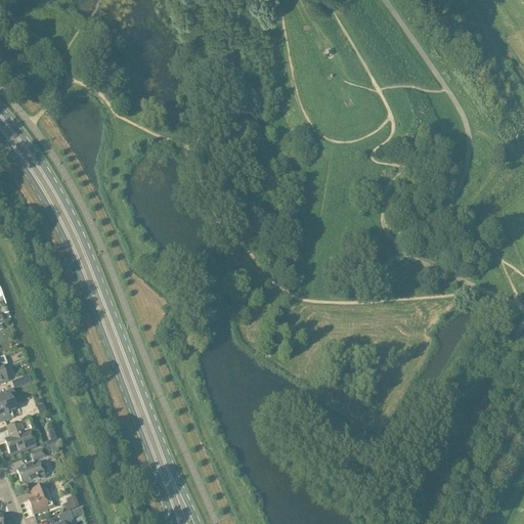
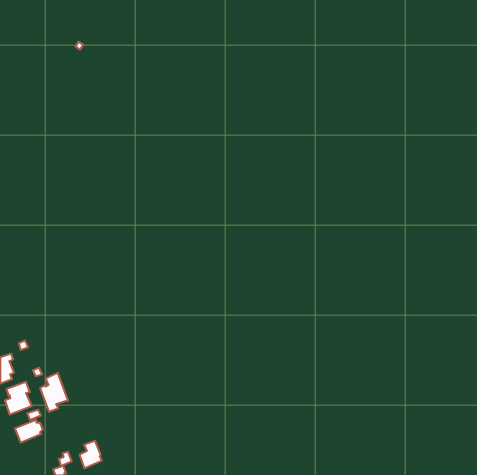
building: none -> [40,373,68,412]
building: [28,484,52,514] -> [79,441,102,468]

